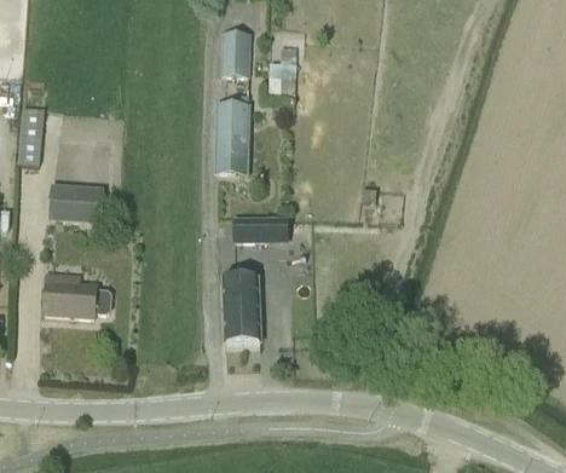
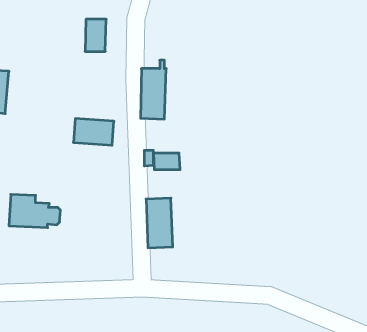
building: [223,34,250,76] -> [85,19,106,51]
building: [270,64,295,98] -> none
building: [50,185,103,220] -> [73,119,114,145]

